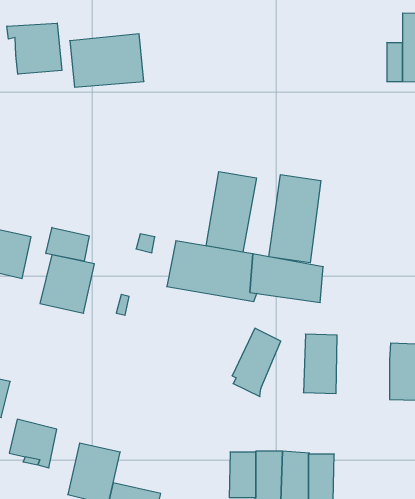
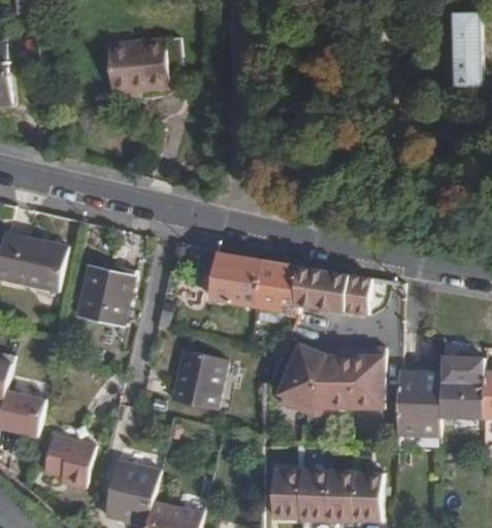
building: [7,23,62,74] -> none
building: [206,172,256,252] -> none
building: [269,175,321,263] -> none
building: [46,227,89,261] -> none
building: none -> [304,348,352,416]
building: none -> [169,352,224,410]
building: none -> [396,372,439,436]

